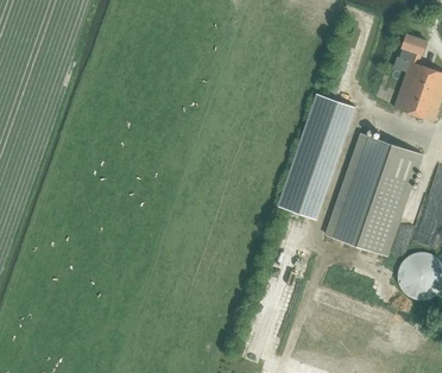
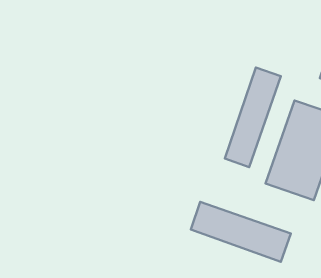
building: none -> [191,202,291,262]

